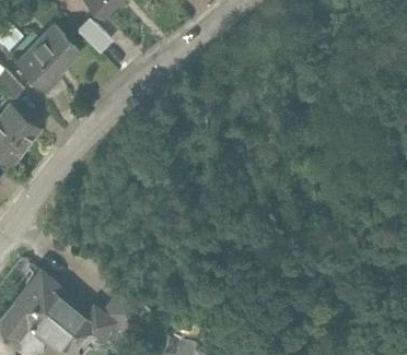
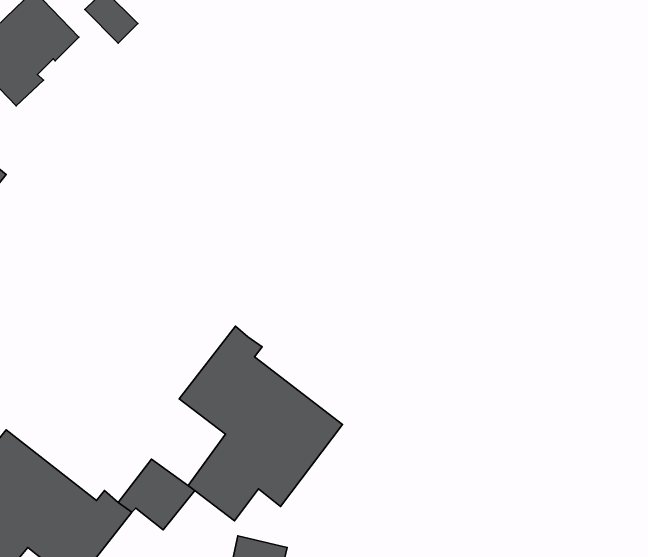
building: none -> [179,326,342,521]

